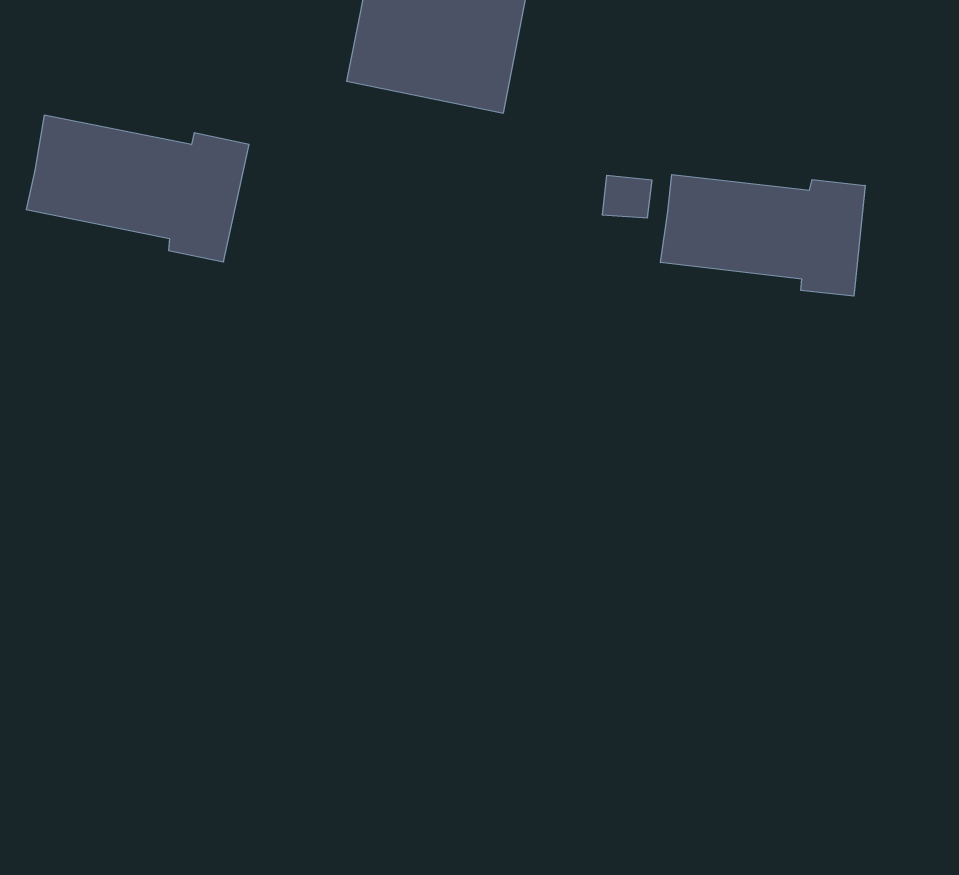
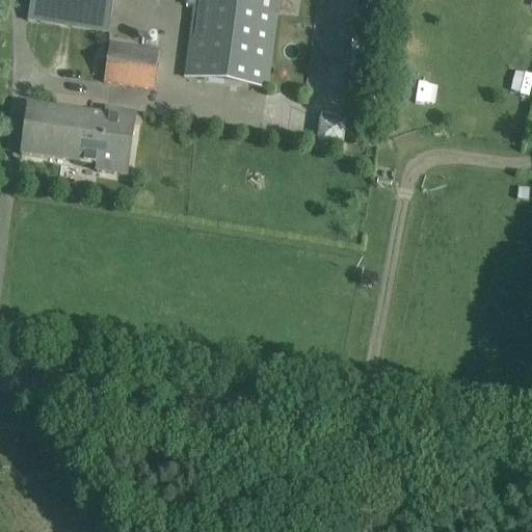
building: none -> [103,39,159,86]
building: [661,175,865,296] -> none

